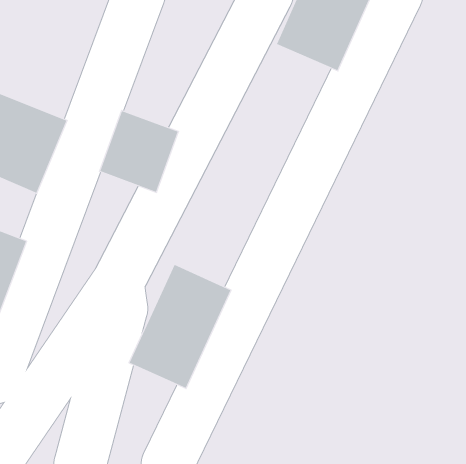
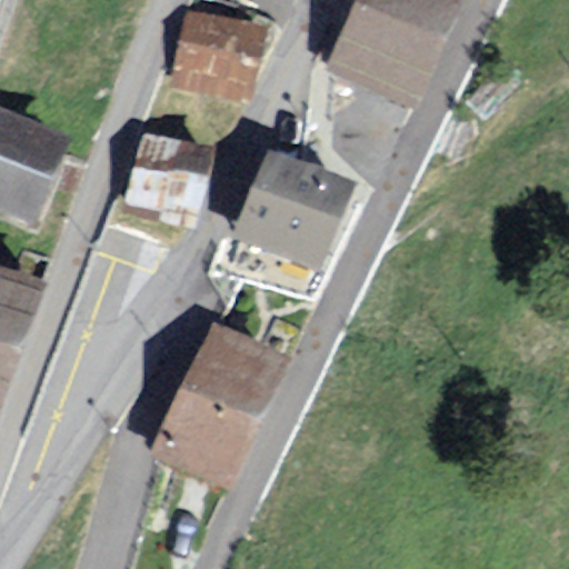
building: none -> [170,8,272,104]
building: none -> [237,146,342,254]

